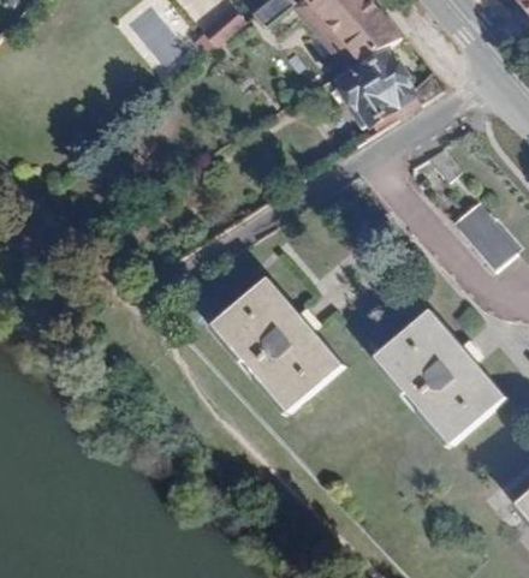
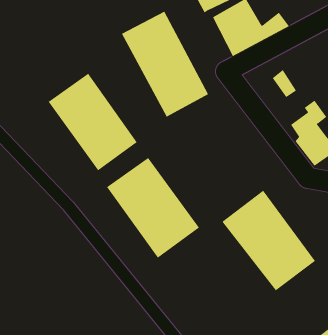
building: none -> [121,11,209,118]
building: none -> [48,73,138,171]

